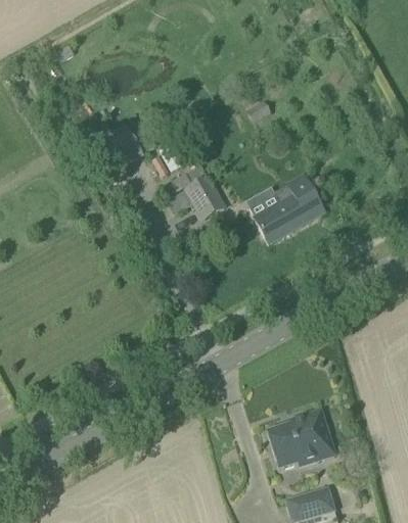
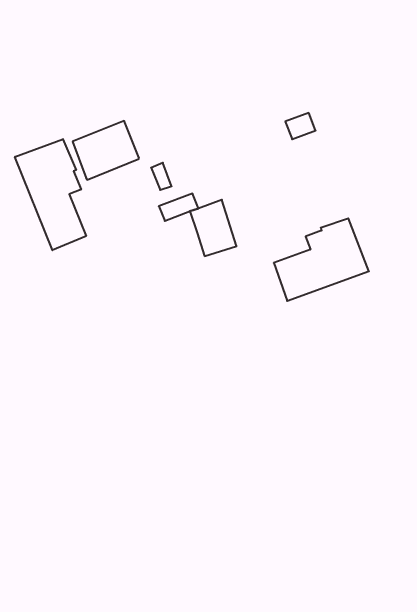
building: none -> [15,139,86,250]
building: [266,409,334,468] -> none

